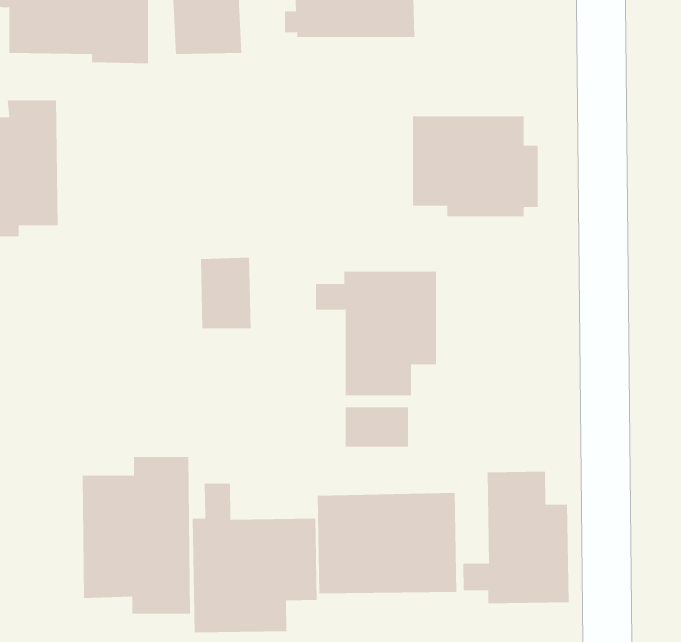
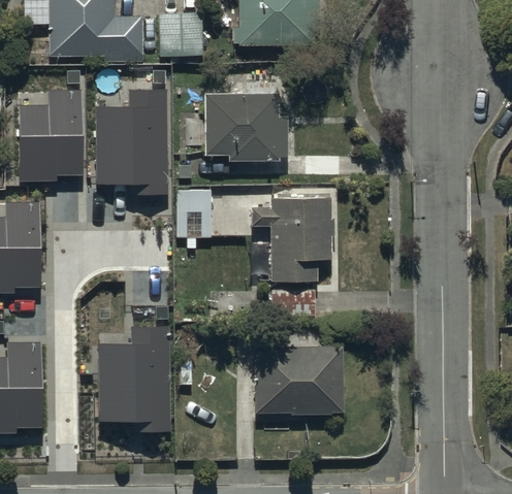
building: none -> [92,85,166,191]
building: [412,116,538,217] -> [205,96,289,163]
building: [463,471,569,604] -> none
building: [192,483,317,633] -> none

